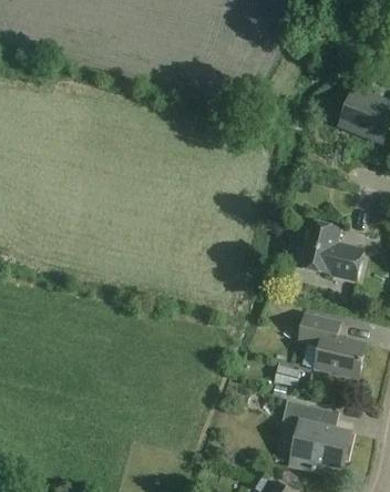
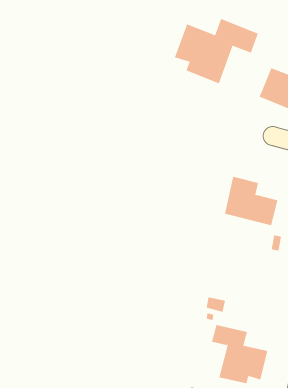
building: none -> [174,18,259,84]
building: [299,314,367,378] -> none

